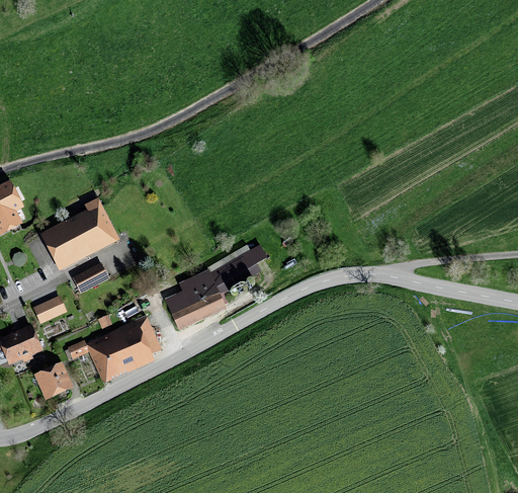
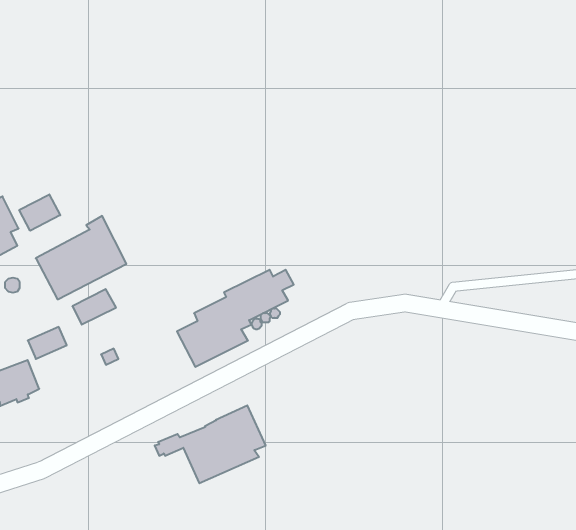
building: none -> [19,194,60,231]
building: [64,314,162,383] -> [155,405,266,483]
building: [33,360,74,400] -> none

